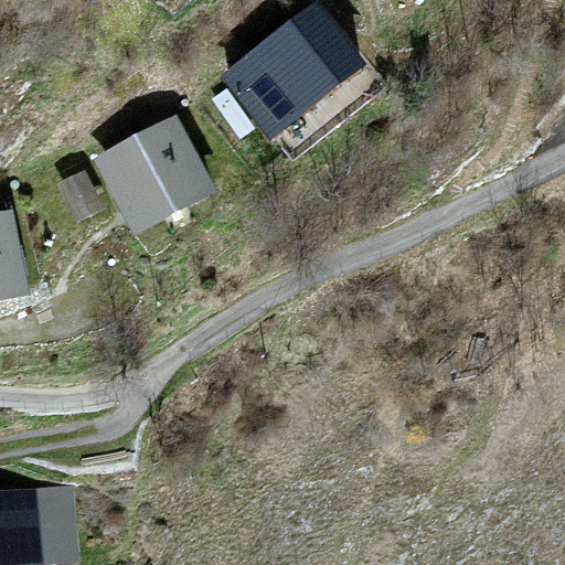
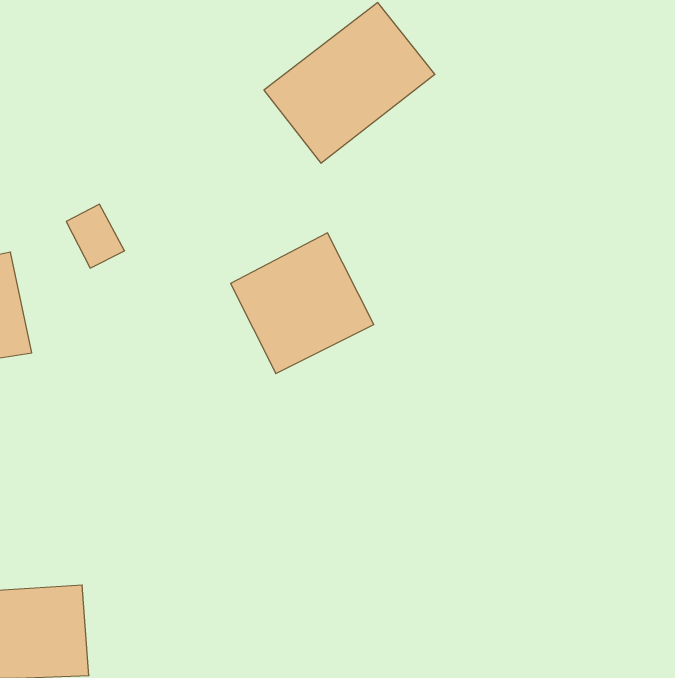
building: [95,116,214,233] -> [231,233,374,374]

